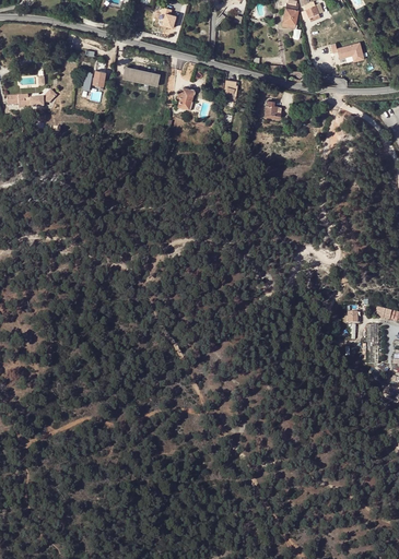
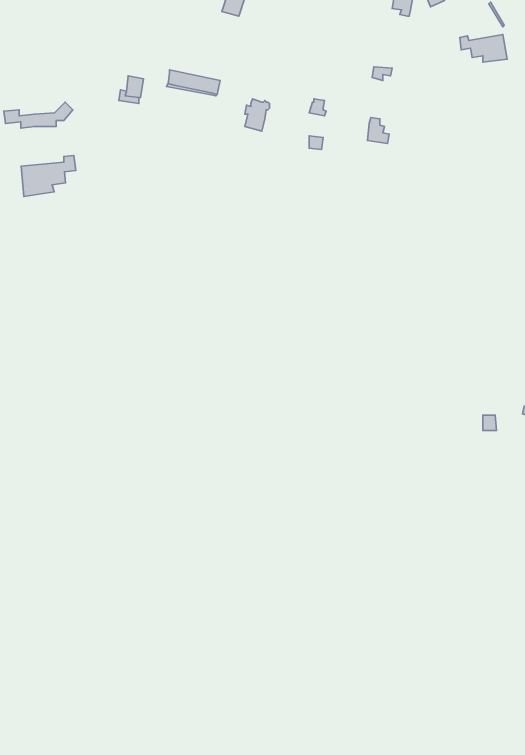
building: none -> [21,156,76,196]

